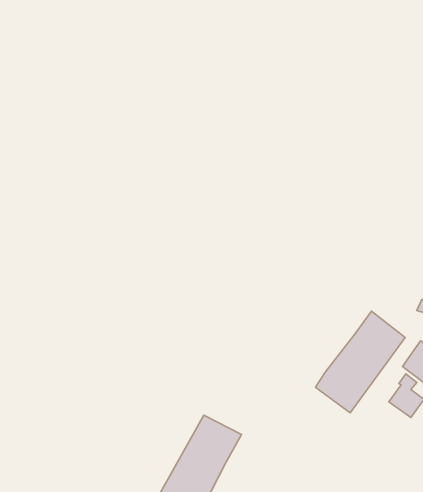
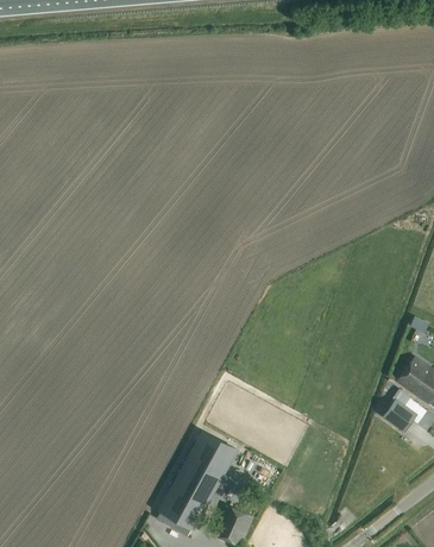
building: [315,311,405,413] -> none

